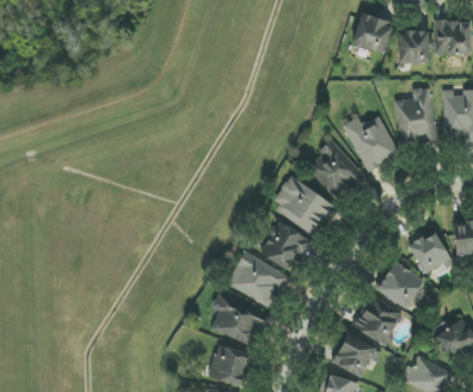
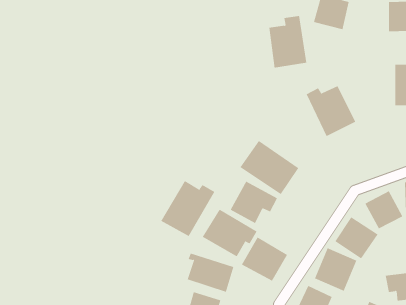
building: [398,31,429,63] -> none
building: [395,87,438,146] -> [269,16,307,68]
building: [306,145,360,200] -> none
building: none -> [160,180,215,237]
building: none -> [241,237,288,282]

